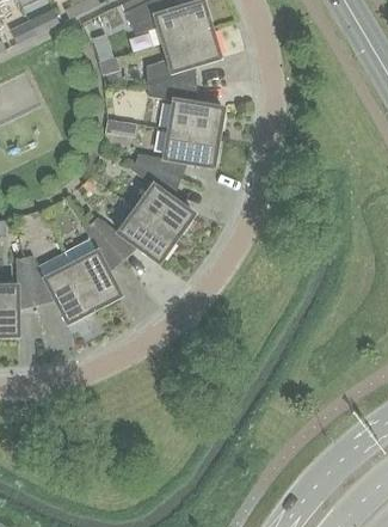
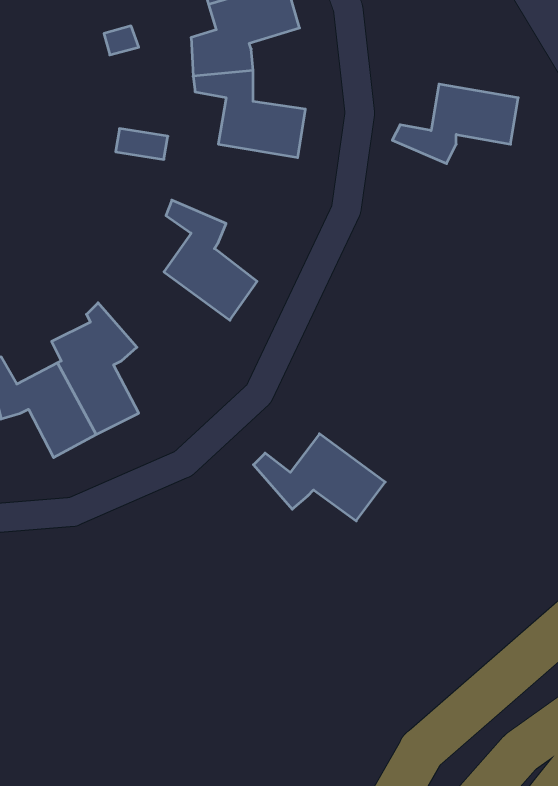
building: [140,128,217,177] -> [392,84,518,164]
building: [94,207,175,261] -> [253,434,385,521]

